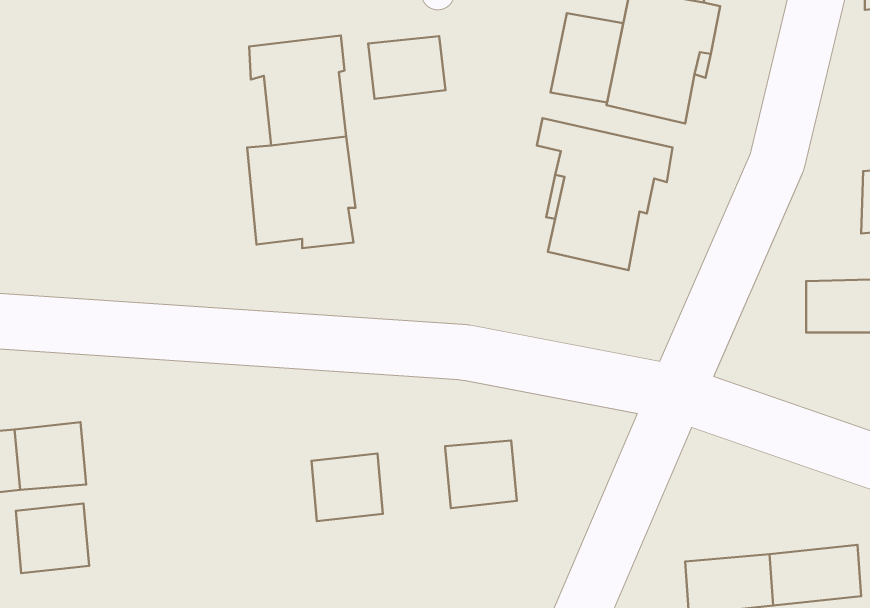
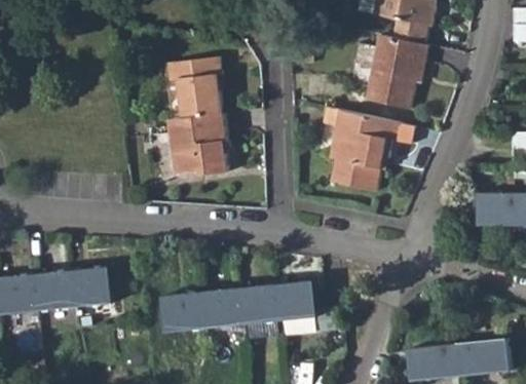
building: [551,13,623,102] -> none
building: [368,36,445,99] -> none
building: none -> [237,285,278,323]
building: none -> [163,294,203,331]
building: [16,504,89,573] -> [71,268,112,307]

